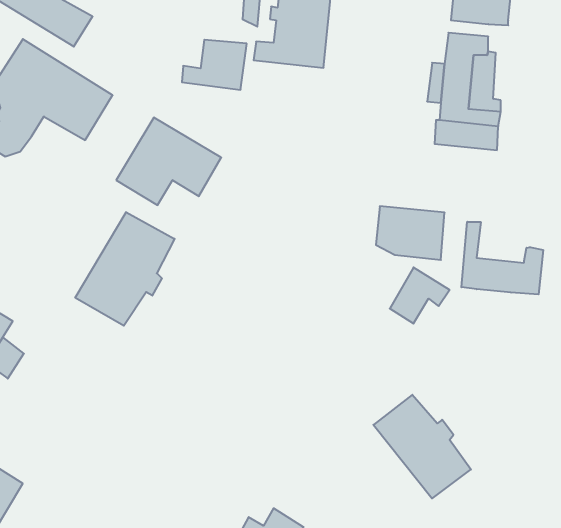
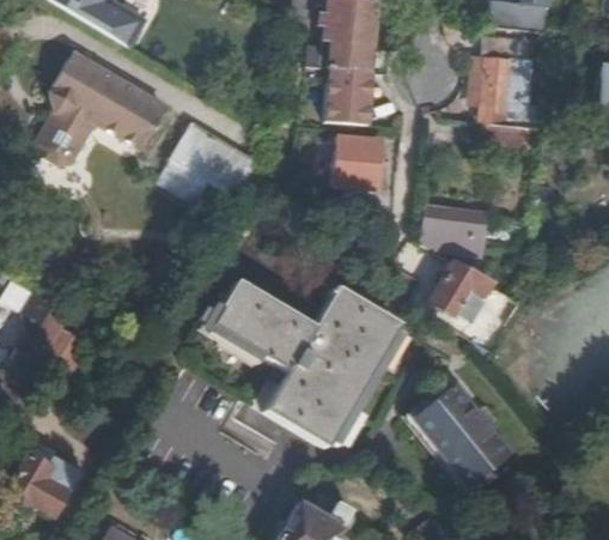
building: [182,40,247,90] -> [310,74,372,122]
building: none -> [335,133,383,184]
building: [75,212,175,326] -> none
building: [461,222,543,294] -> none
building: none -> [218,283,397,448]

